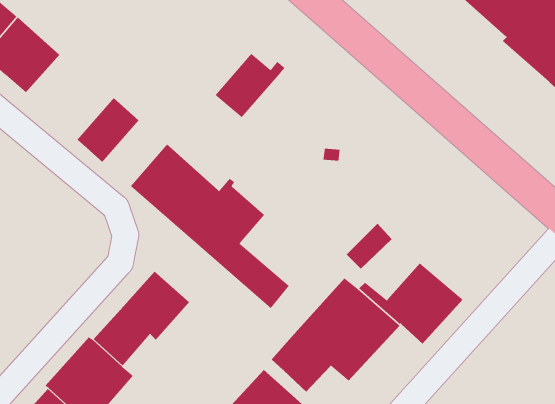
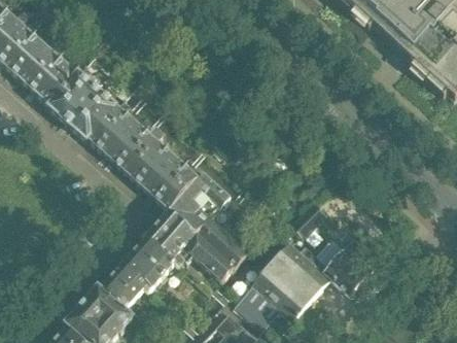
building: none -> [48,71,116,139]
building: [214,53,286,118] -> [108,123,162,172]
building: none -> [146,208,235,278]

